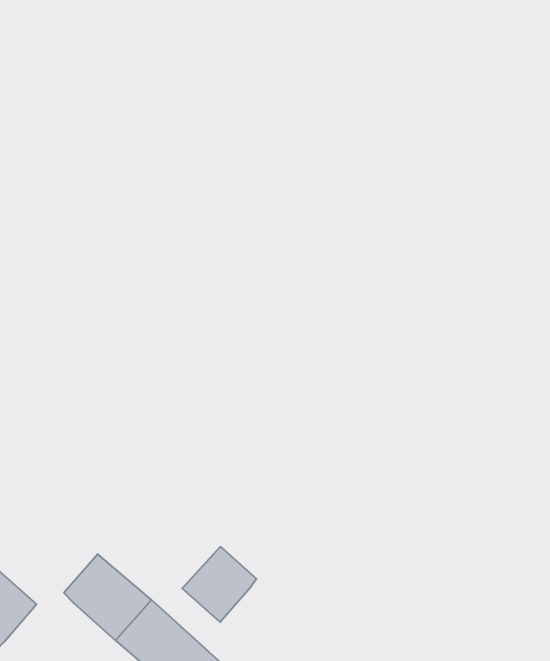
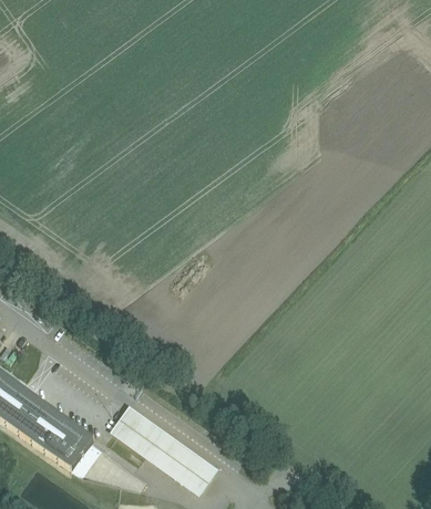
building: [182,547,257,622] -> none

